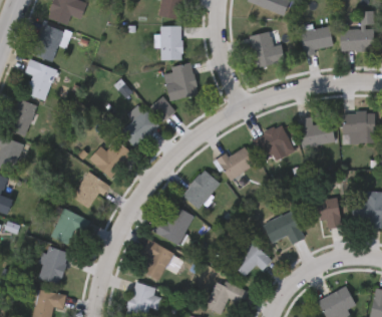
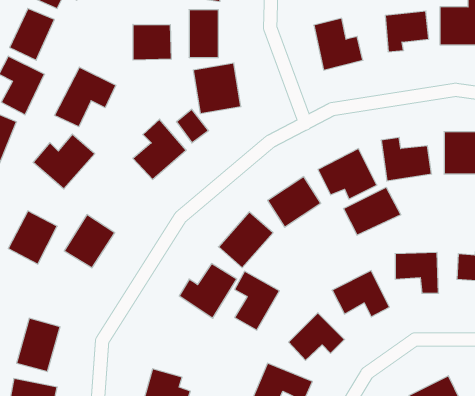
building: none -> [133,24,171,60]
building: none -> [55,67,116,127]
building: [88,139,132,179] -> [33,134,95,189]
building: none -> [344,187,401,235]
building: [48,208,83,246] -> [8,211,57,264]
building: [141,239,173,281] -> [235,271,279,330]

